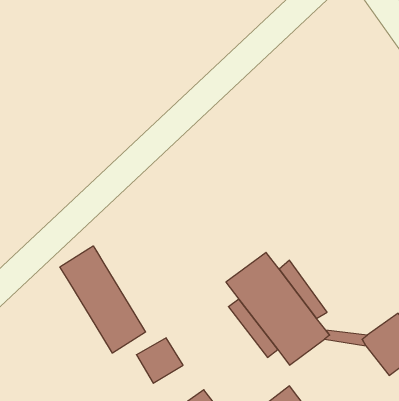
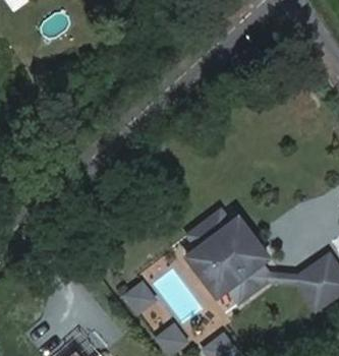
building: [60,246,146,353] -> none

